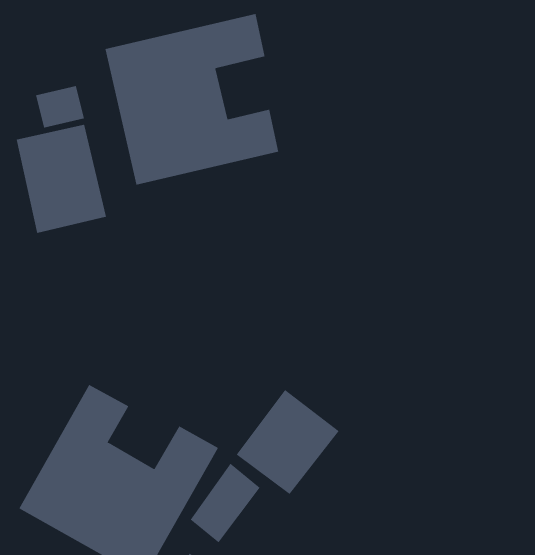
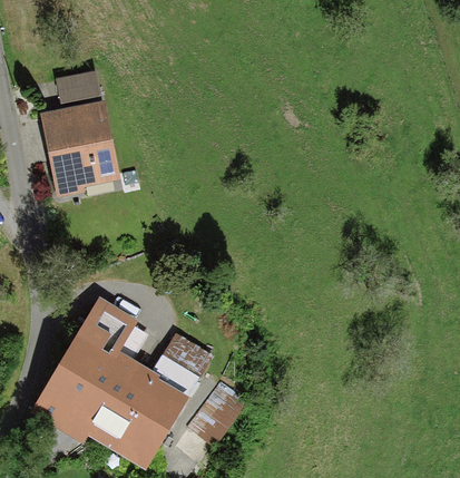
building: [105,13,279,186] -> none
building: [236,389,339,495] -> none

